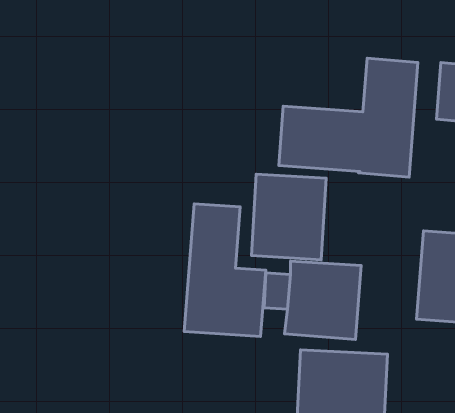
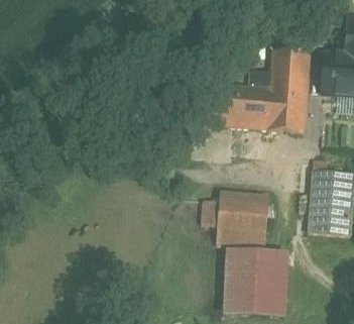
building: [251,174,326,260] -> none
building: [184,204,266,337] -> none

